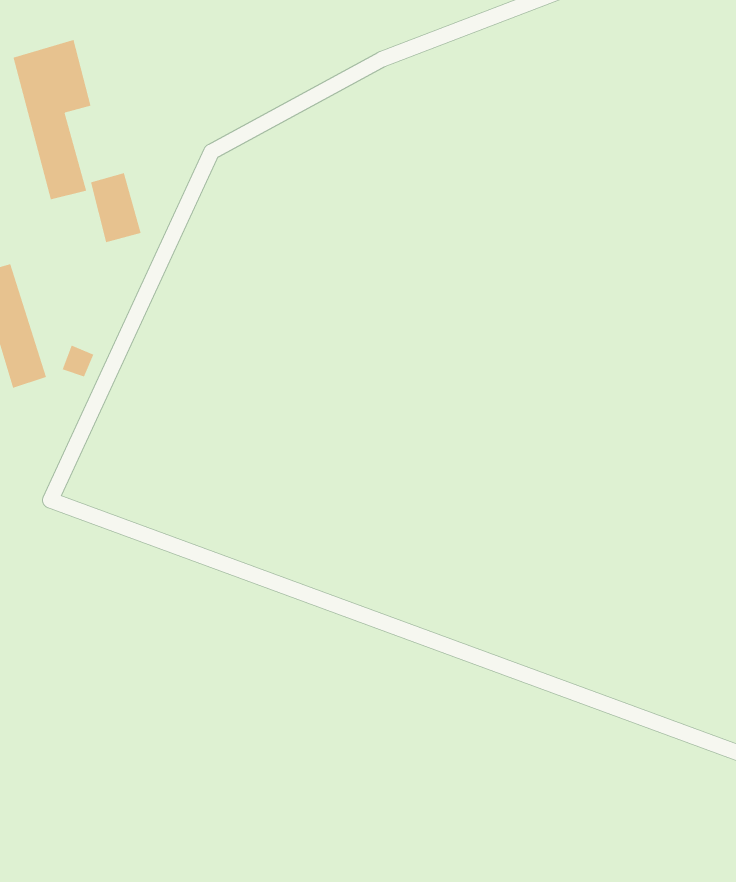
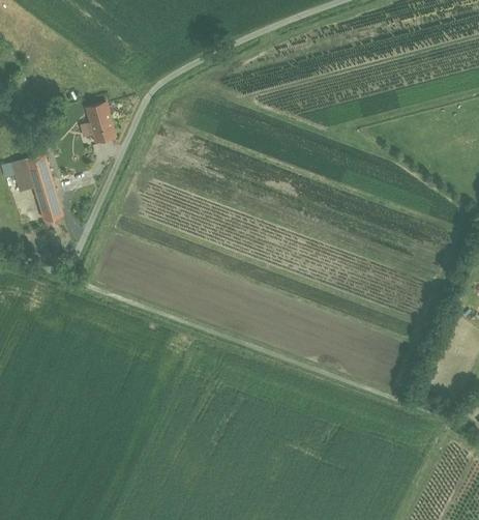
building: [13,39,91,200] -> none

